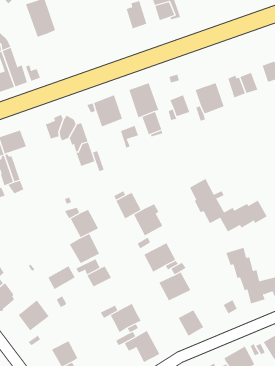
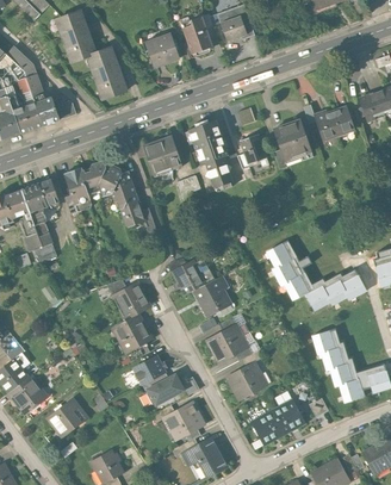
building: none -> [145,32,179,67]
building: none -> [87,48,126,99]
building: none -> [64,166,91,204]
building: [47,265,75,290] -> [149,372,185,403]
building: none -> [272,398,305,433]

